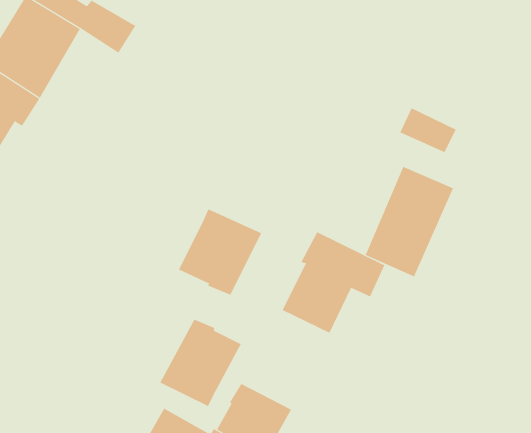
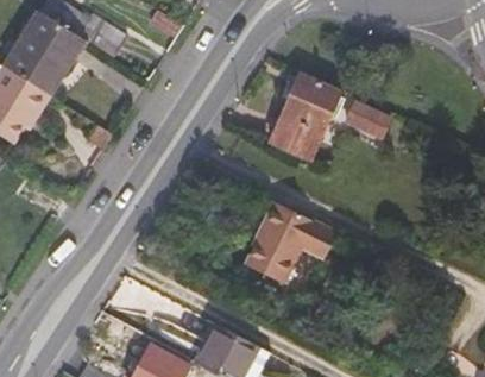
building: [365,166,454,277] -> [269,73,341,163]
building: [178,208,262,295] -> none
building: [159,319,241,407] -> none

